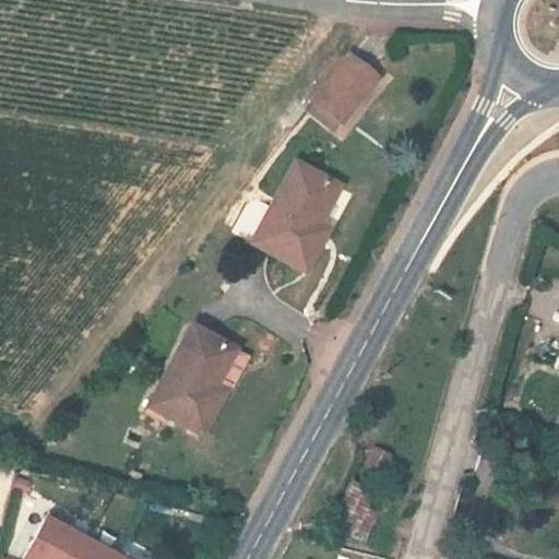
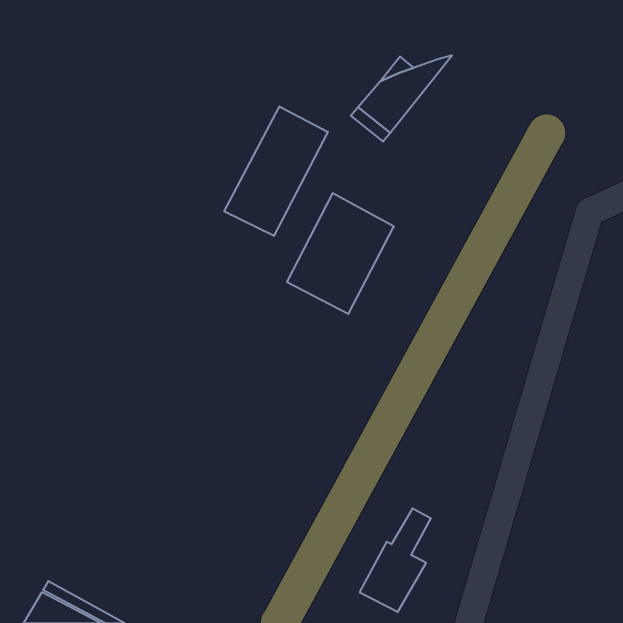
building: none -> [224,106,328,236]
building: [143,324,245,433] -> none

